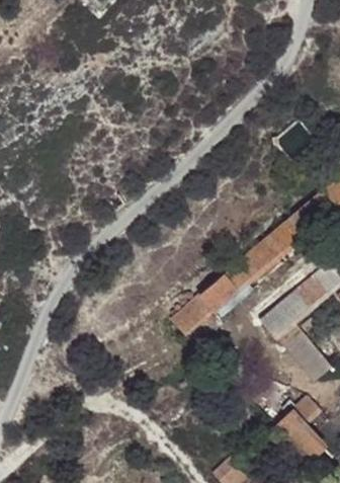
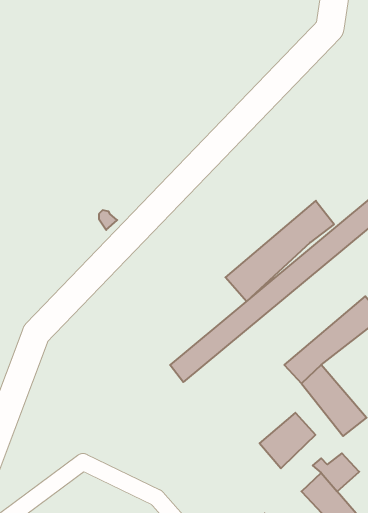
building: none -> [225,201,334,301]
building: none -> [260,413,315,468]

